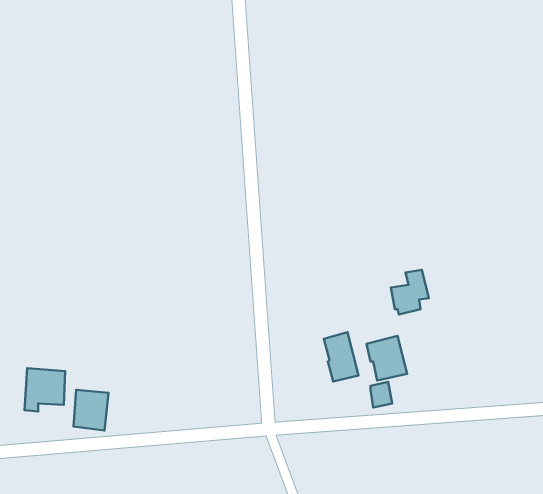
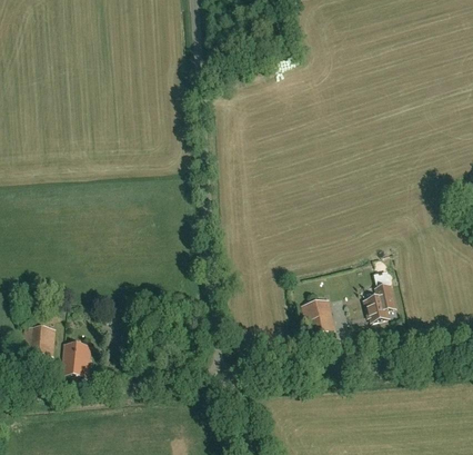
building: [391,270,429,314] -> [364,284,395,320]
building: [324,332,358,381] -> none

